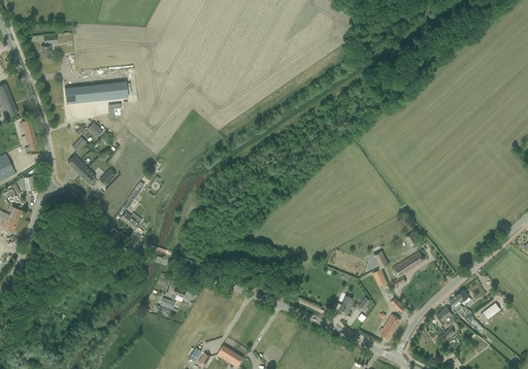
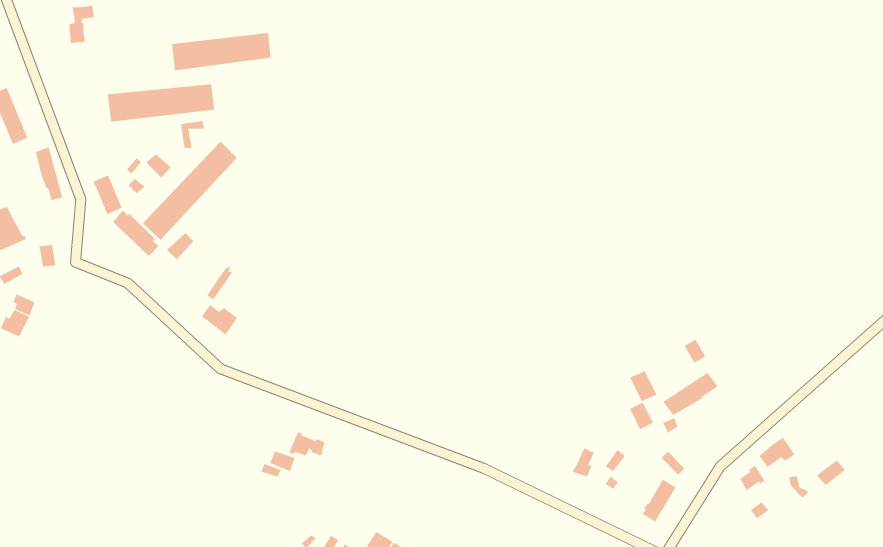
building: none -> [171,32,271,71]
building: none -> [142,141,238,241]

